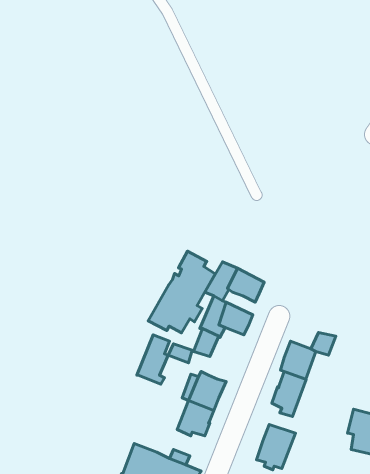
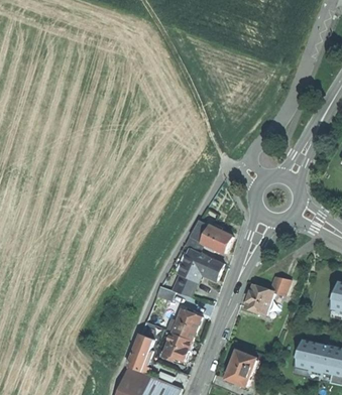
building: [148,251,215,333] -> none
building: [137,335,170,384] -> [125,334,151,373]
building: [272,372,306,417] -> none

